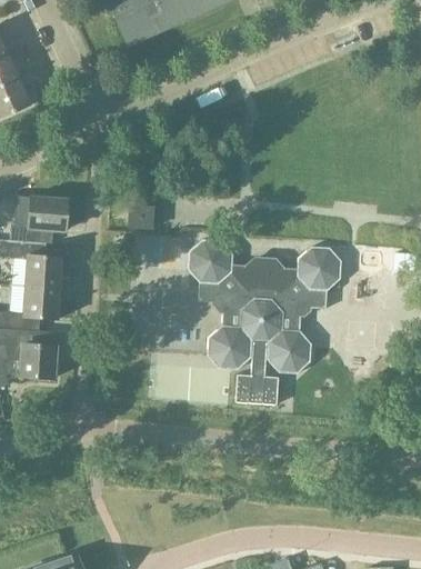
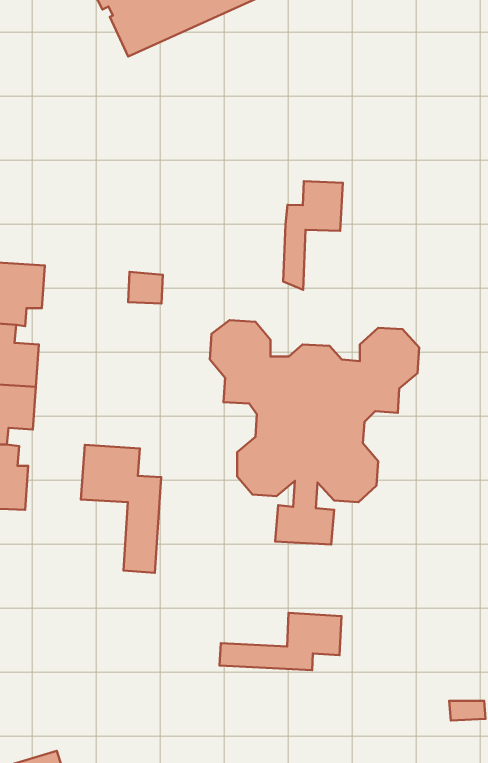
building: none -> [283,181,343,290]
building: none -> [81,445,161,573]
building: none -> [219,613,341,670]

